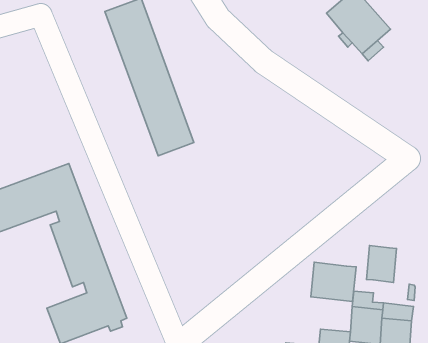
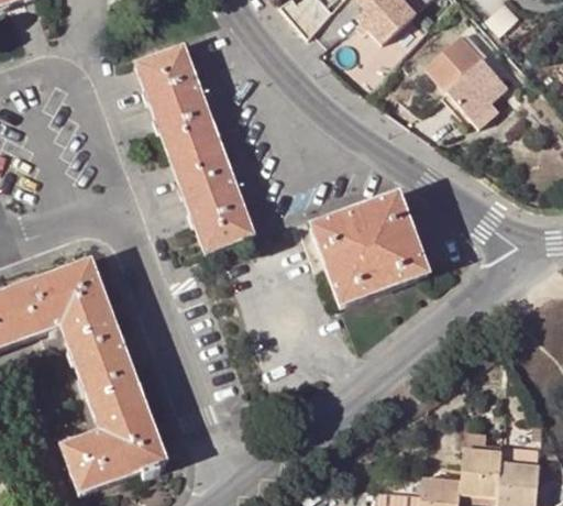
building: none -> [311,191,429,305]
building: [366,245,396,282] -> none
building: [311,262,356,302] -> none

